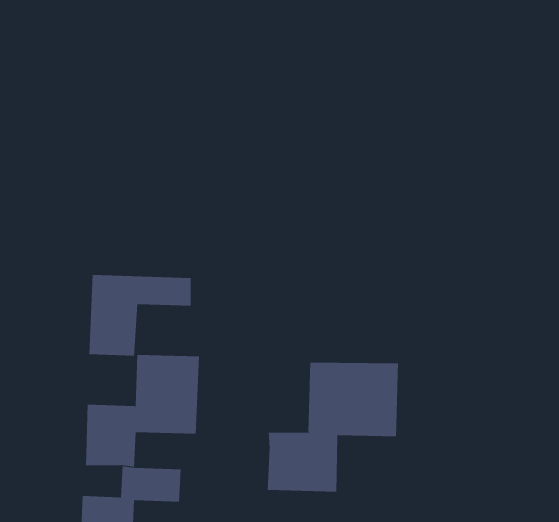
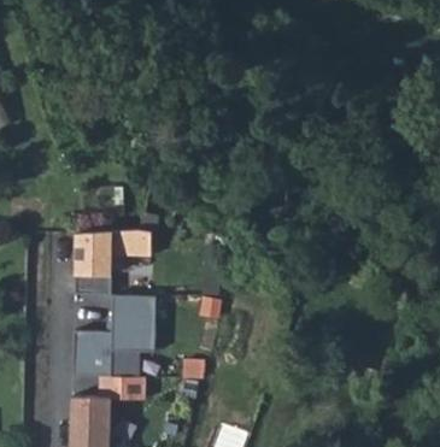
building: [267,362,399,492] -> none

